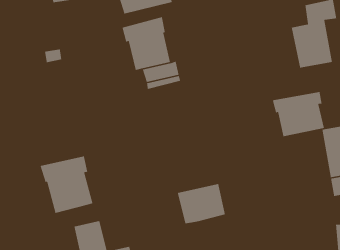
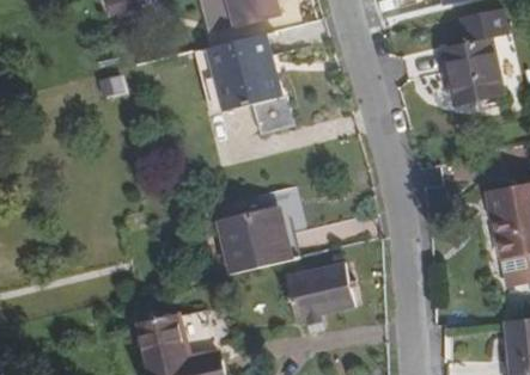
building: [272,91,325,137] -> none
building: none -> [220,205,290,273]
building: [40,155,93,214] -> none

